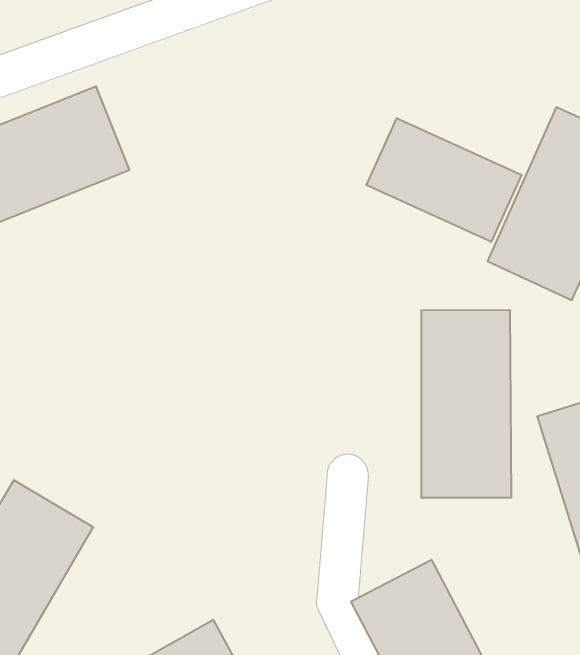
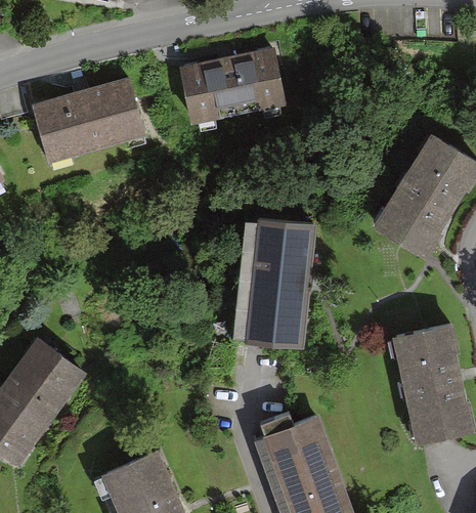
building: none -> [179,49,286,122]
building: [366,118,521,242] -> none
building: [421,310,512,498] -> [242,216,316,348]

